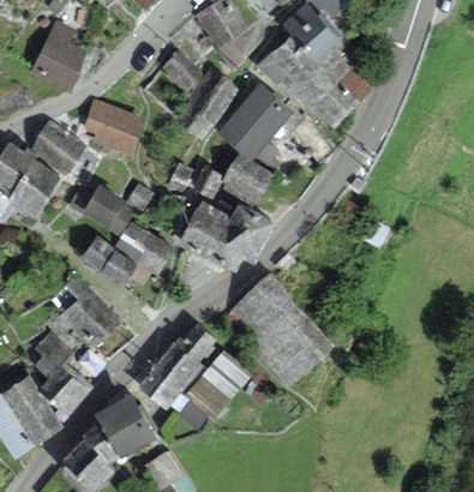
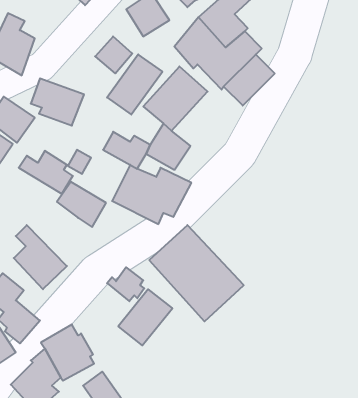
building: [78,234,138,288] -> none
building: [138,343,199,409] -> none

